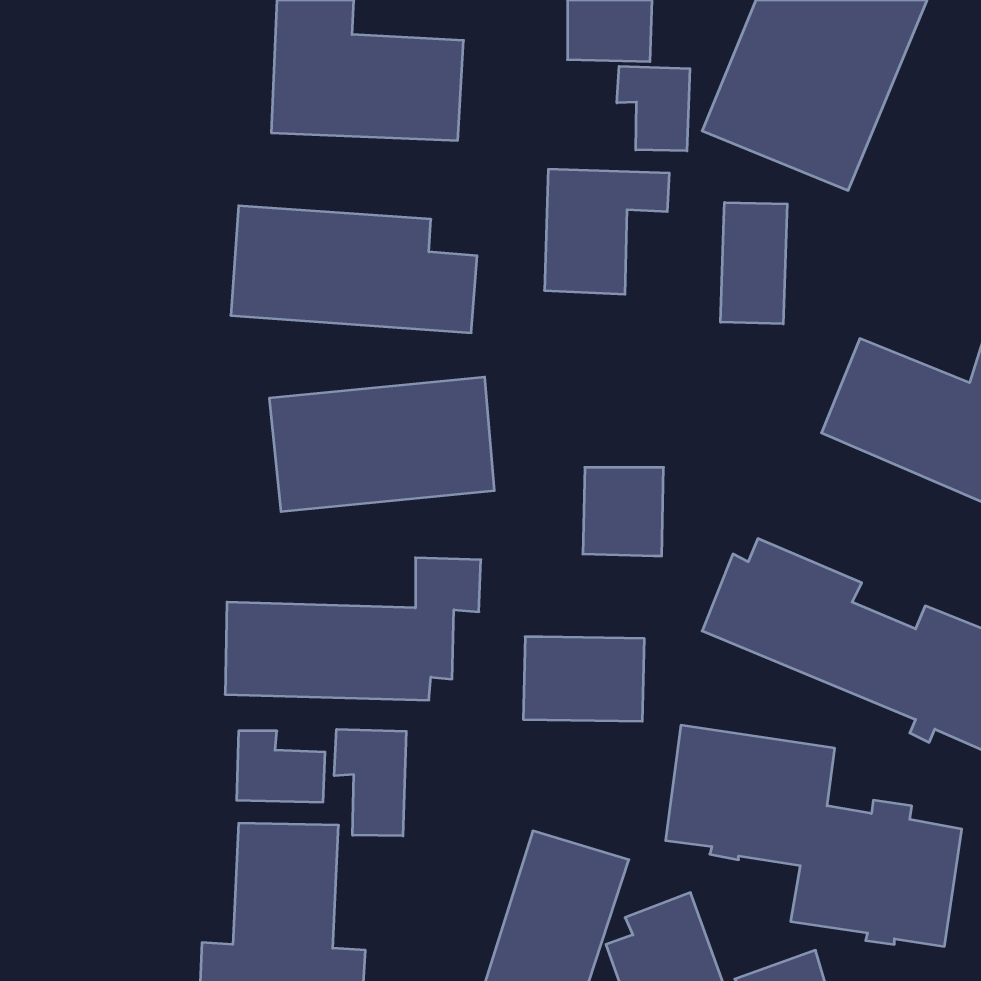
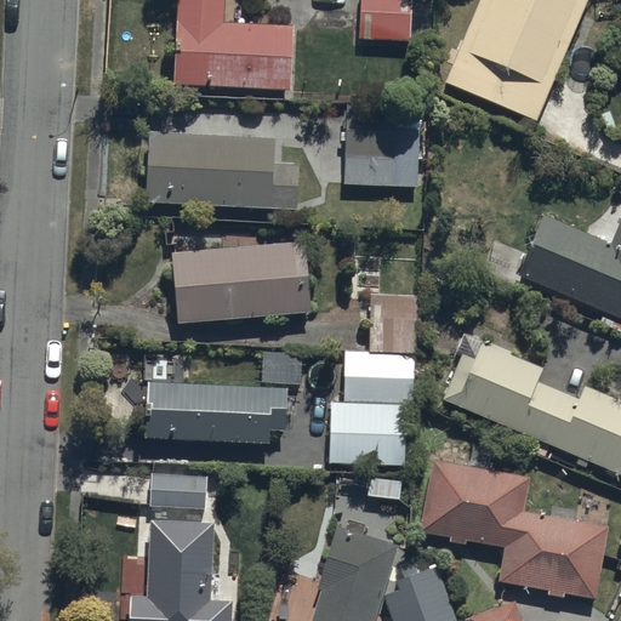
building: [617,66,690,151] -> none
building: [721,202,787,324] -> none
building: none -> [343,354,414,404]
building: [334,729,406,836] -> none

